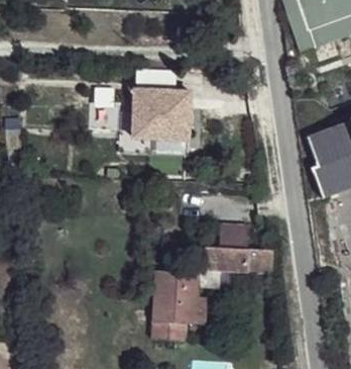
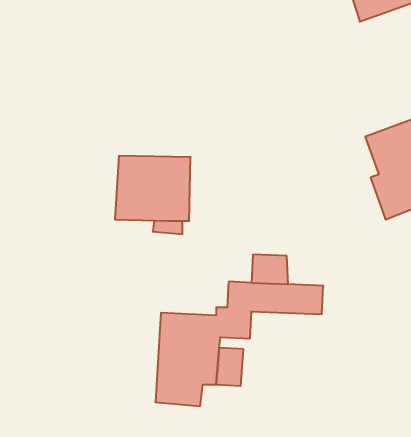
building: [134,88,191,136] -> [115,156,191,221]

